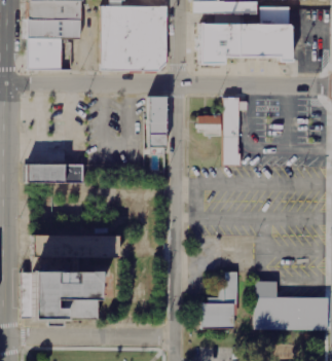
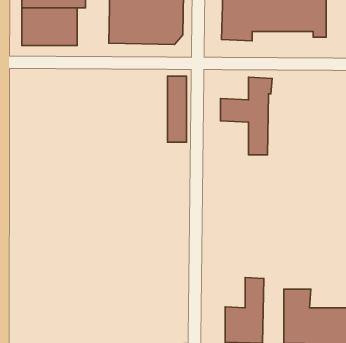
building: [27,164,85,183] -> none
building: [22,232,124,319] -> none

